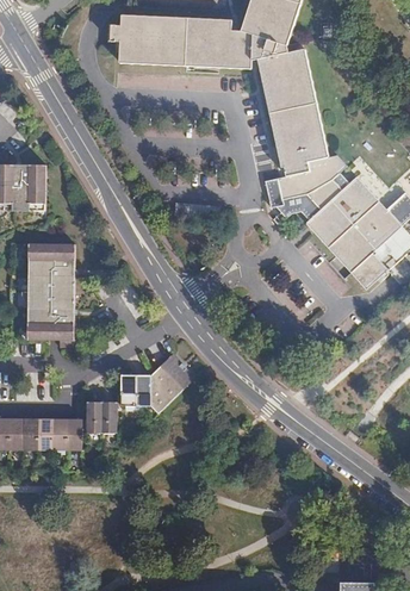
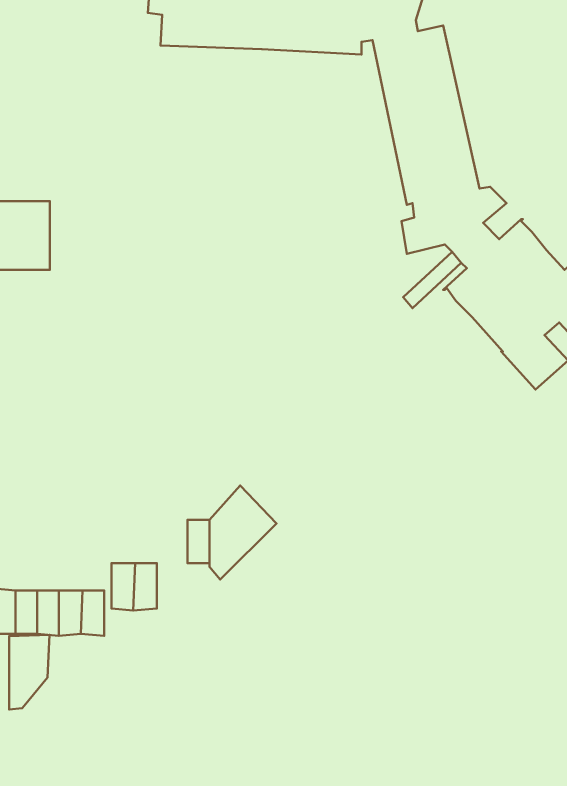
building: [26,243,73,340] -> none
building: [116,373,136,403] -> none
building: none -> [9,635,50,709]

